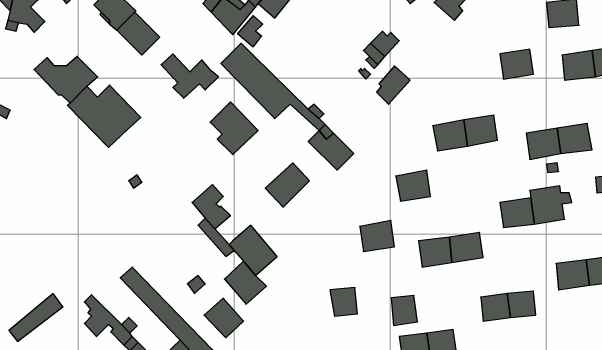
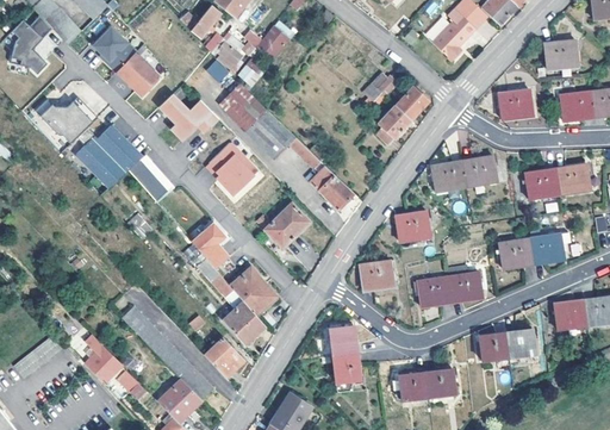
building: none -> [393,87,428,121]
building: none -> [127,158,169,204]
building: [391,295,418,325] -> [334,354,360,384]

